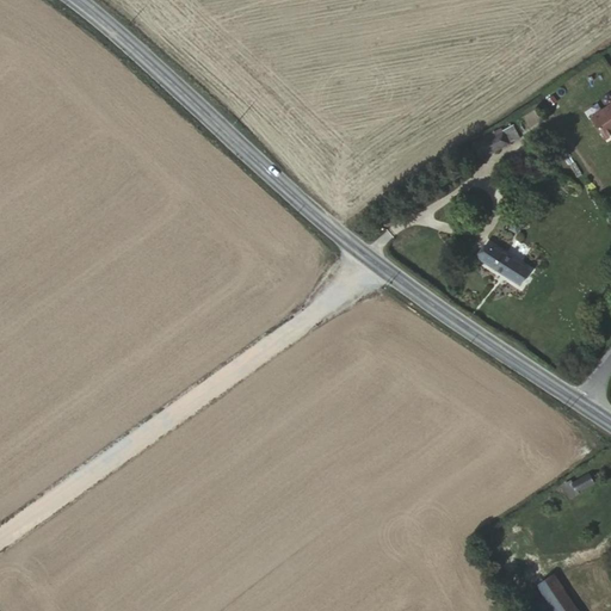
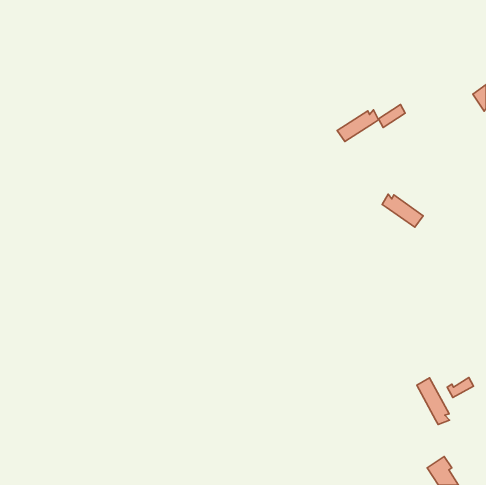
building: none -> [337,110,378,142]
building: none -> [417,378,450,425]

